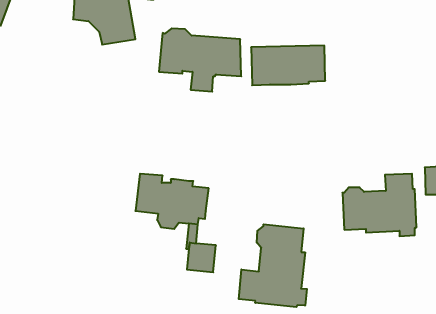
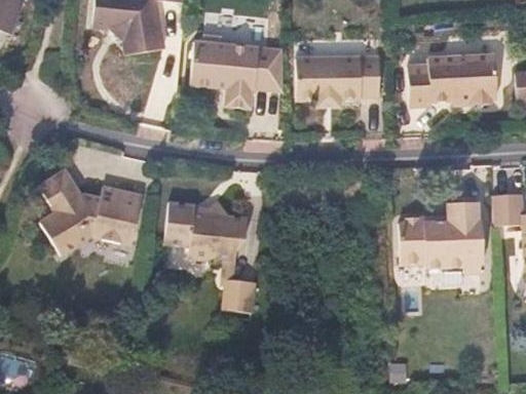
building: none -> [409,53,497,106]
building: none -> [39,169,143,253]
building: [239,224,307,307] -> none

